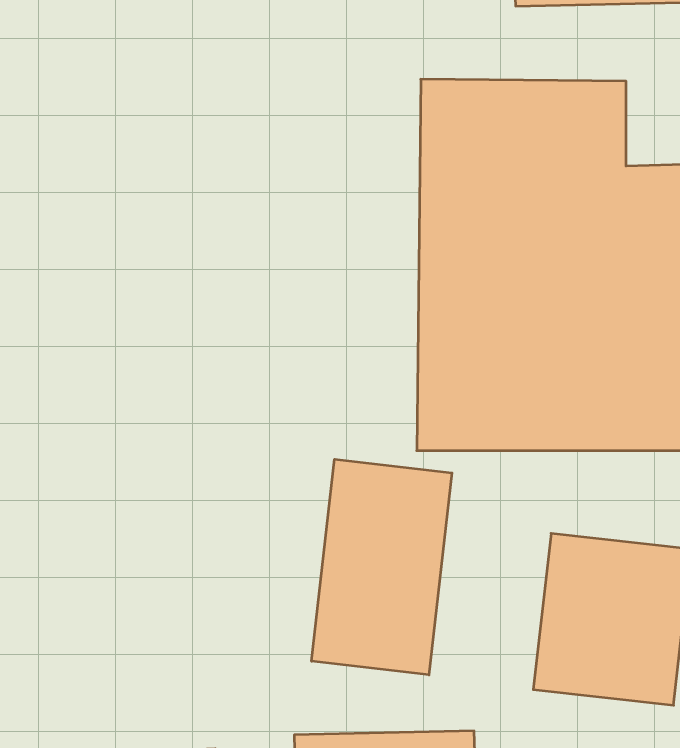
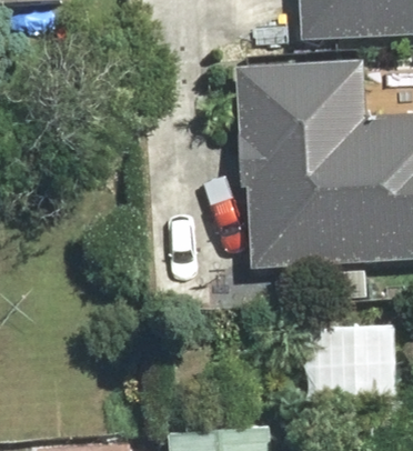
building: [312,459,452,675] -> none

